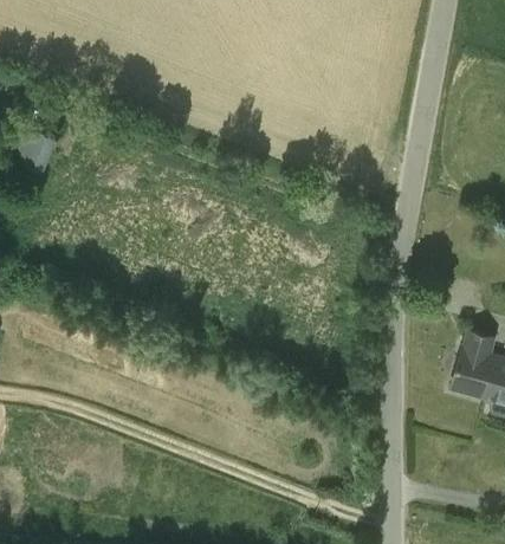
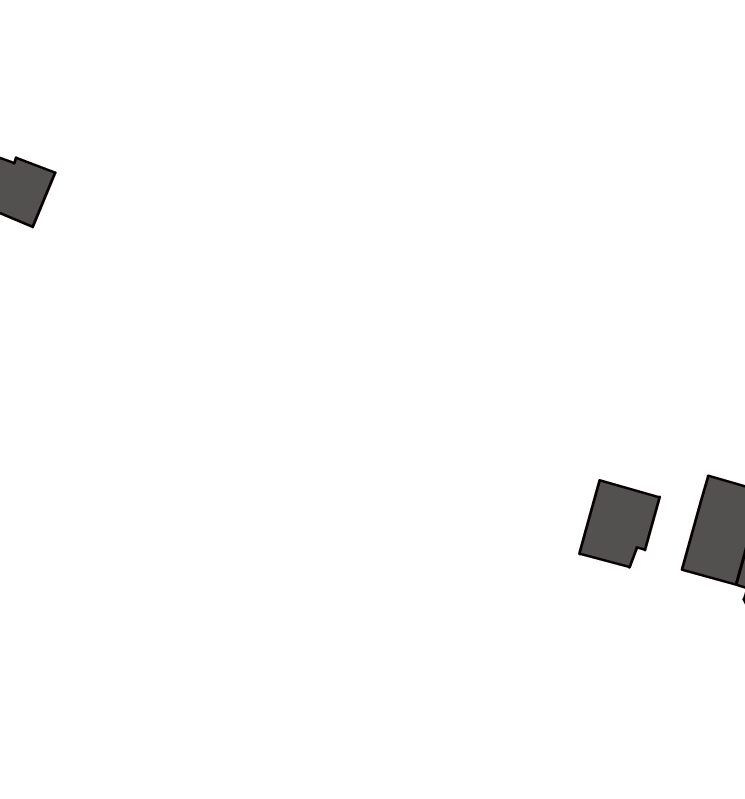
building: none -> [580,480,660,567]

